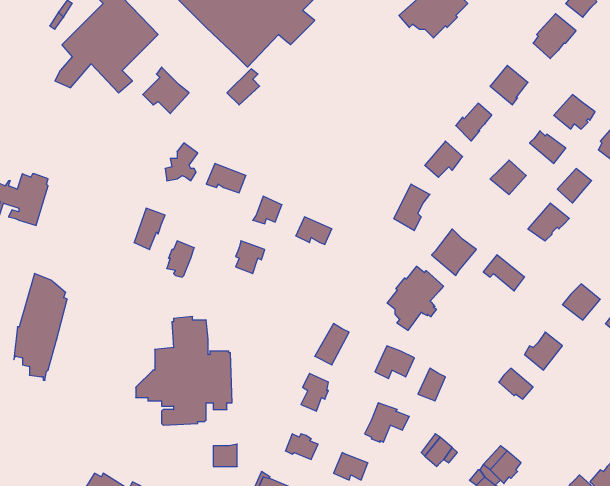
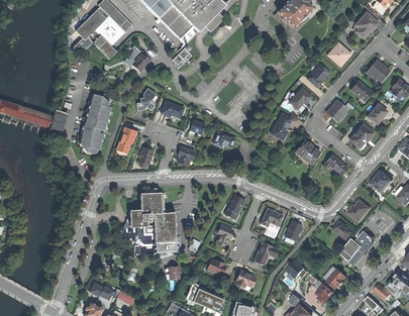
building: [387,266,443,330] -> none
building: [14,273,67,380] -> [80,92,111,154]
building: none -> [339,230,374,268]

